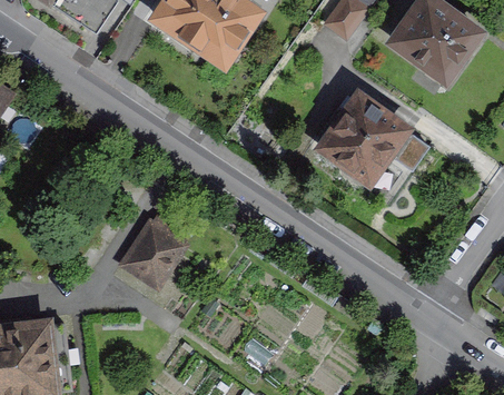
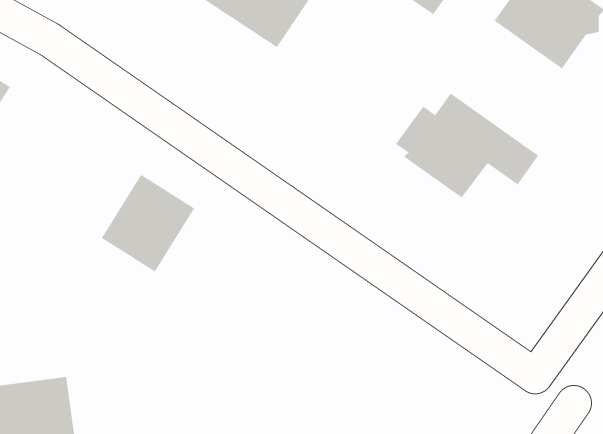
building: [117,216,190,293] -> [101,174,195,273]

